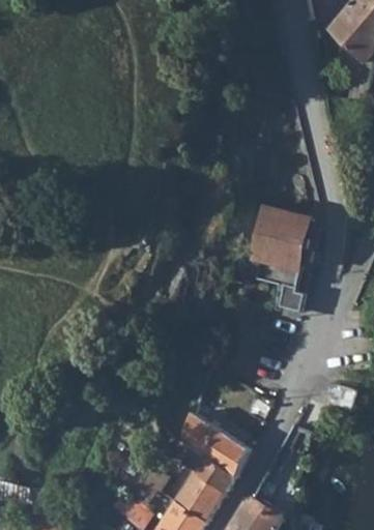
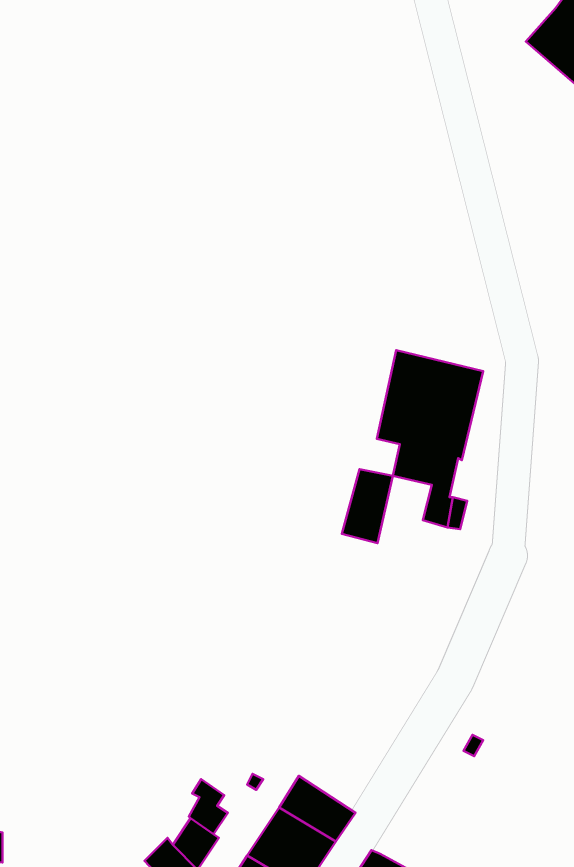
building: none -> [342,469,393,543]
building: [178,413,248,477] -> none

